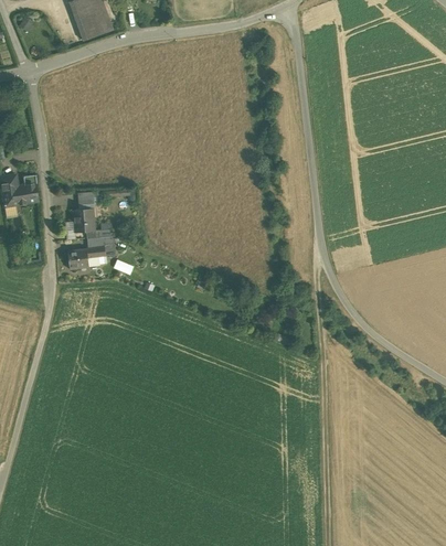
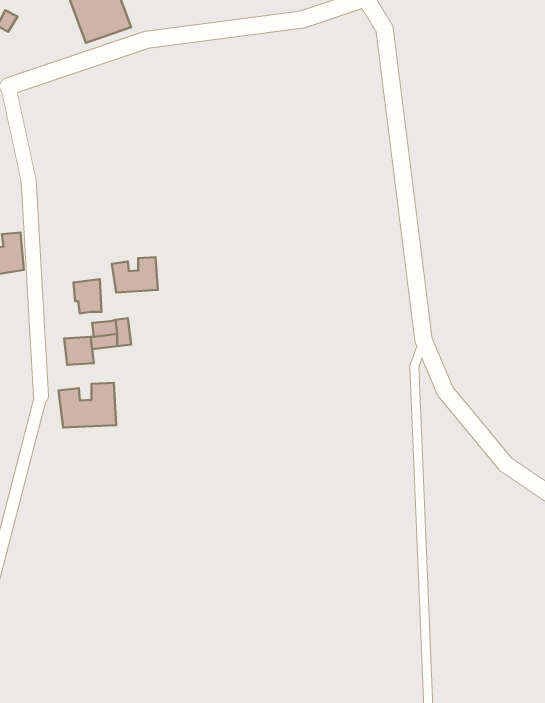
building: none -> [112,257,158,292]
building: none -> [58,383,116,428]

